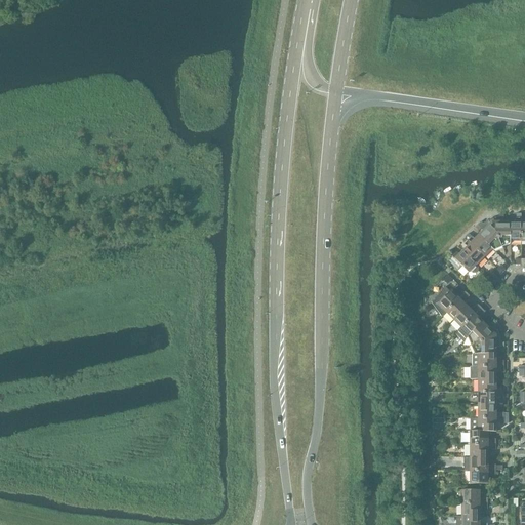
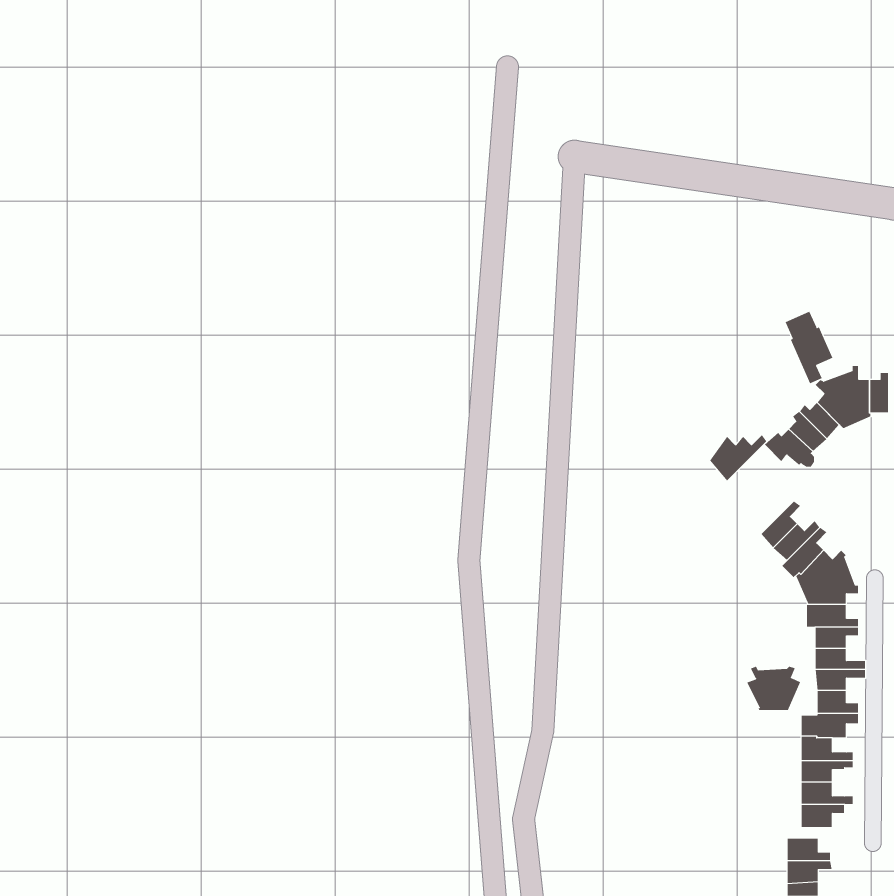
building: none -> [785,311,833,384]
building: [430,288,463,316] -> [709,434,767,482]
building: none -> [746,666,801,711]

